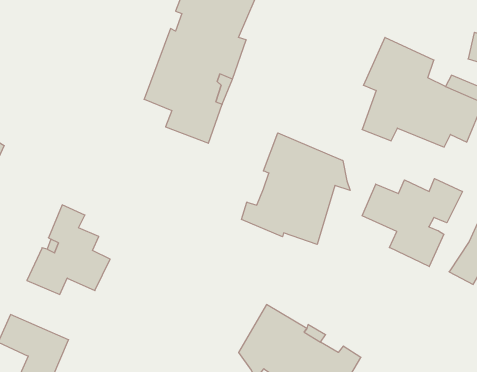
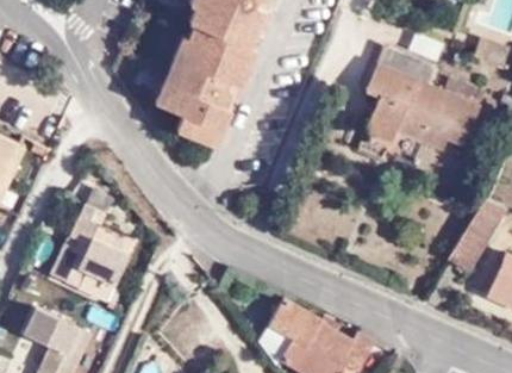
building: [241,133,350,244] -> none
building: [362,179,462,267] -> none

